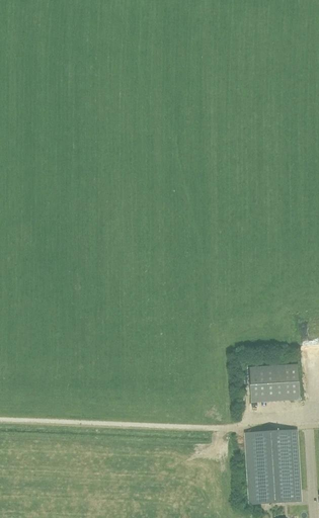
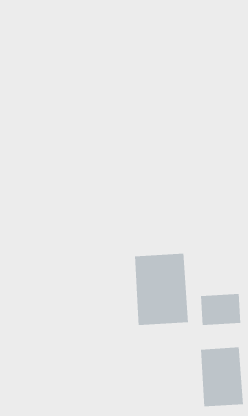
building: none -> [135,253,189,326]

